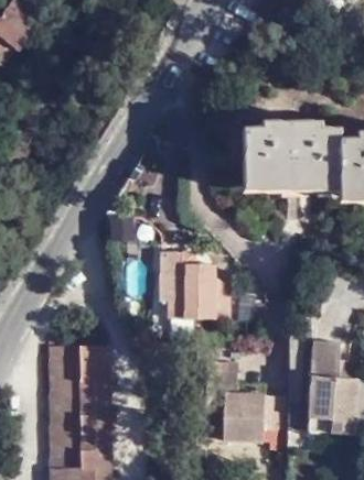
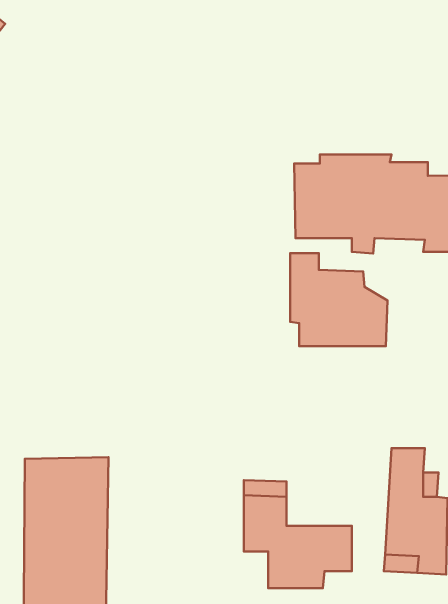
building: [160,251,231,318] -> [290,253,387,346]

